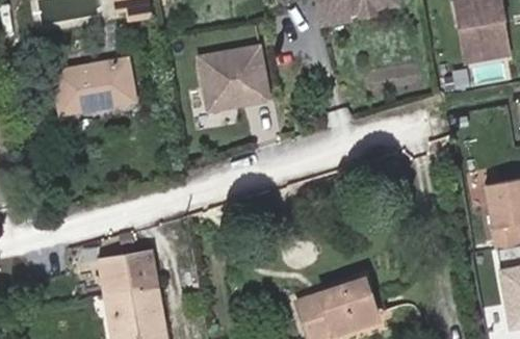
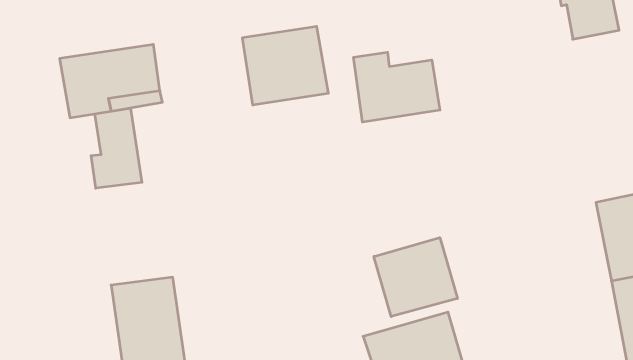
building: none -> [354,52,440,122]
building: none -> [91,108,142,188]
building: none -> [374,238,457,317]

